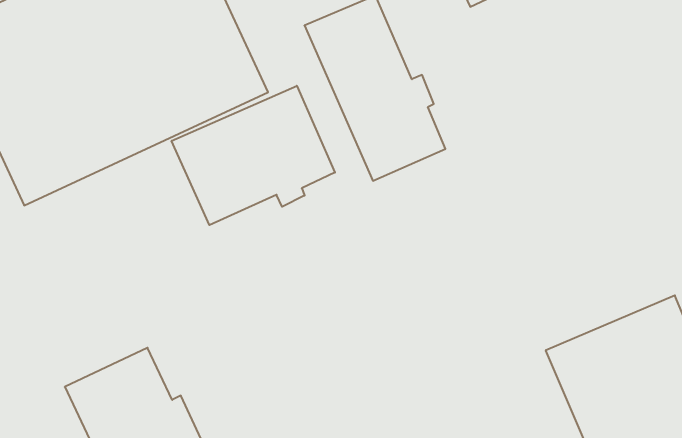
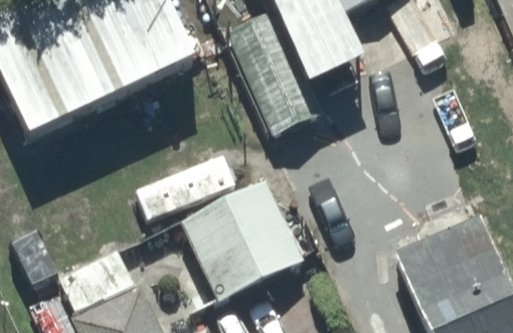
building: [172,86,335,225] -> none
building: none -> [180,175,300,301]

